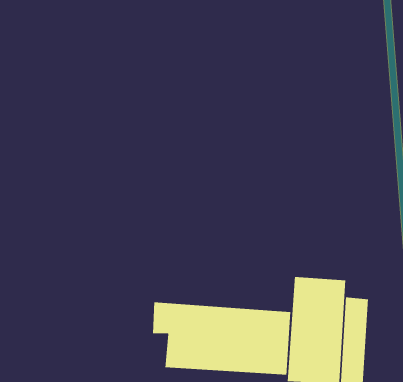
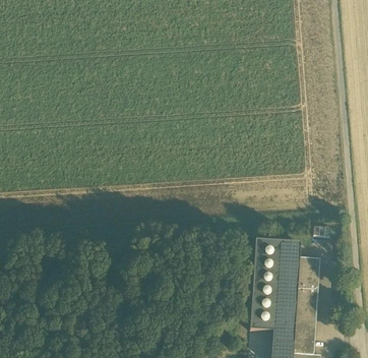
building: [152,302,291,375] -> none

